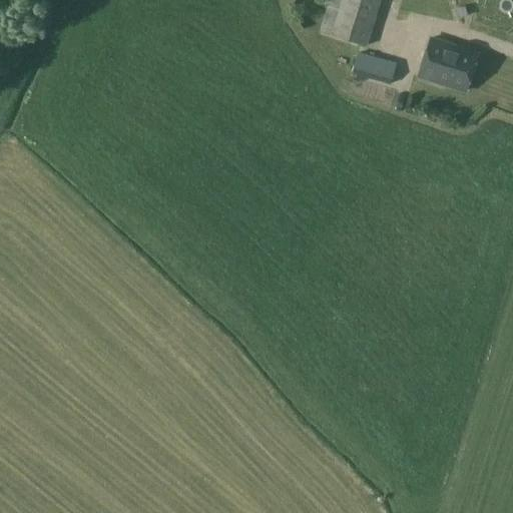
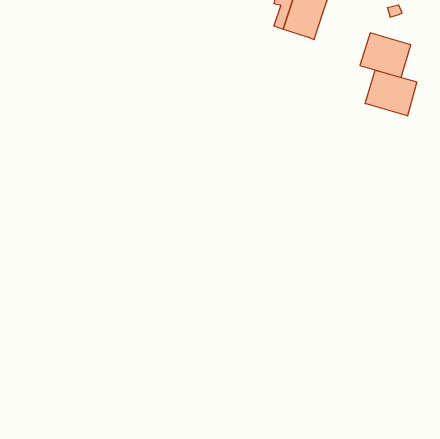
building: [351,52,397,84] -> none
building: none -> [365,70,417,116]

